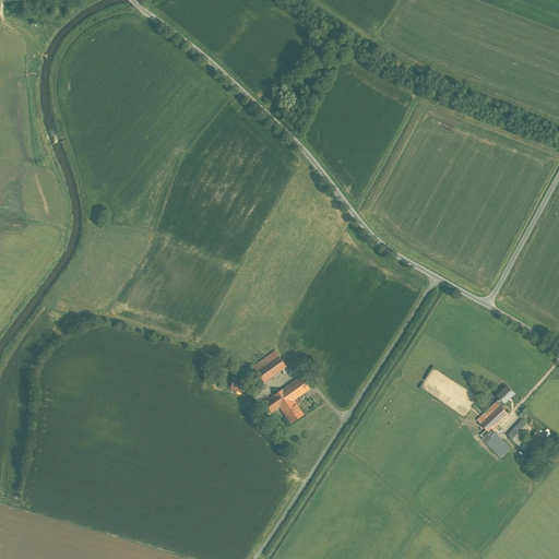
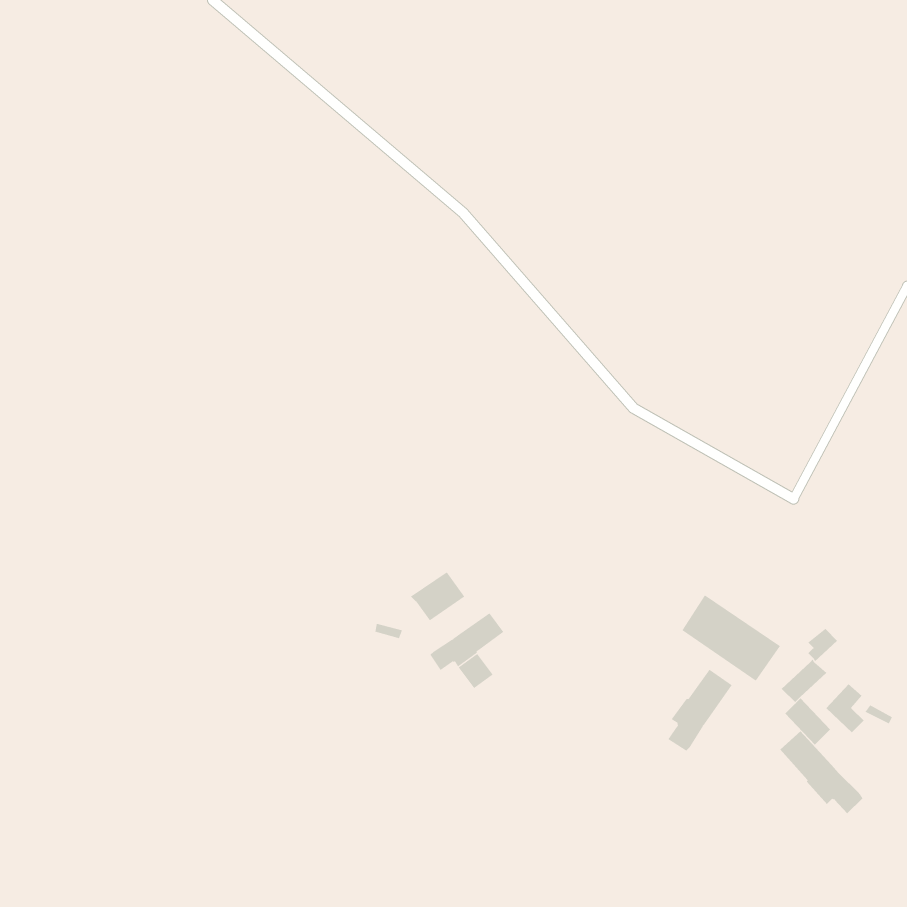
building: none -> [668,669,732,752]
building: none -> [780,731,863,814]

